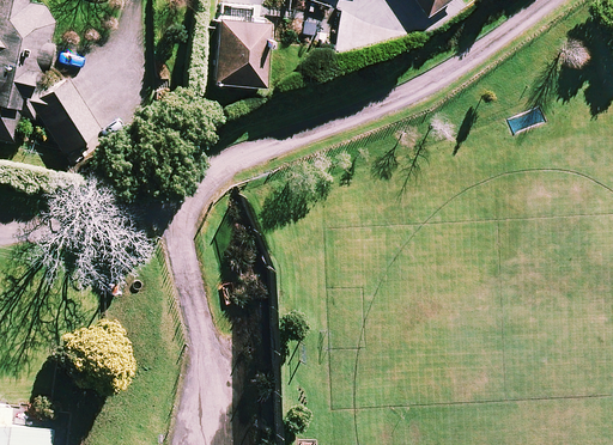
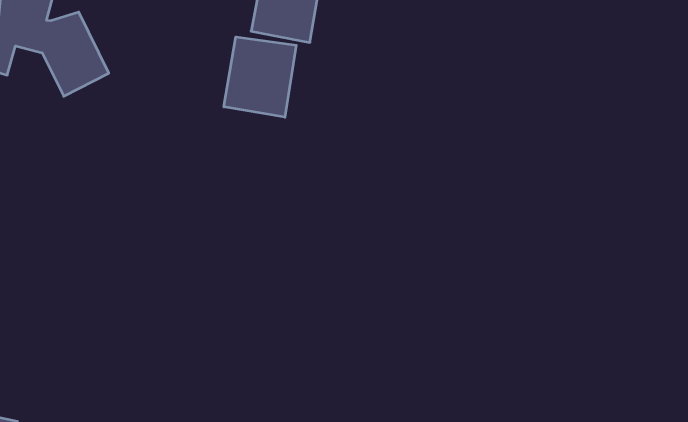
building: none -> [224,37,296,117]

